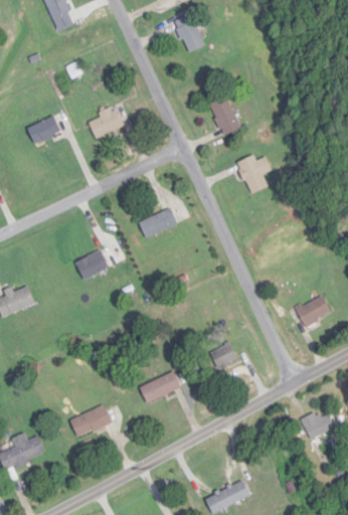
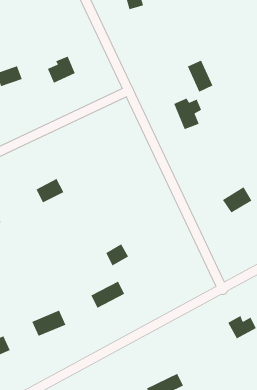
building: [209,96,240,135] -> [187,59,213,93]
building: [139,207,177,237] -> none
building: [295,294,331,326] -> [222,186,253,214]
building: [210,342,238,369] -> [105,243,129,266]

